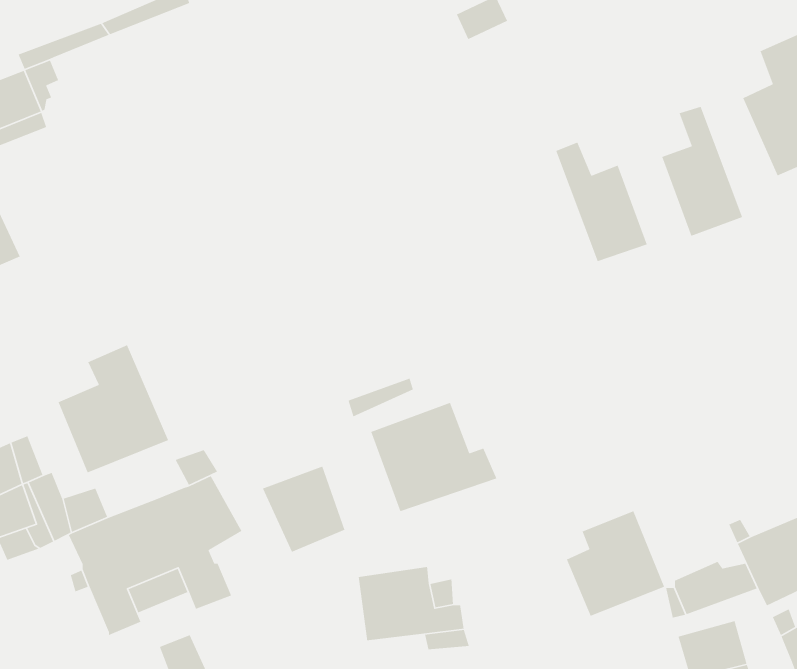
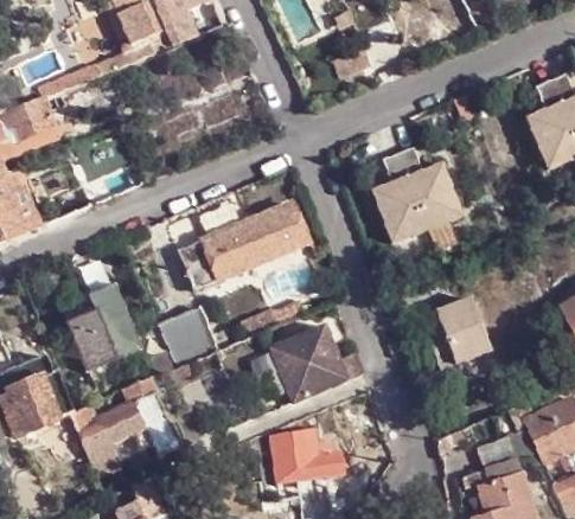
building: [661,106,743,237] -> [372,152,428,241]
building: none -> [174,204,305,290]
building: [262,465,346,553] -> [155,309,212,369]
building: [566,510,665,617] -> [424,296,492,369]

